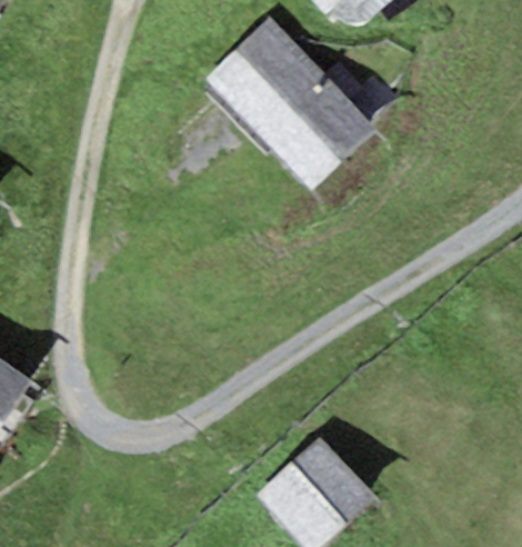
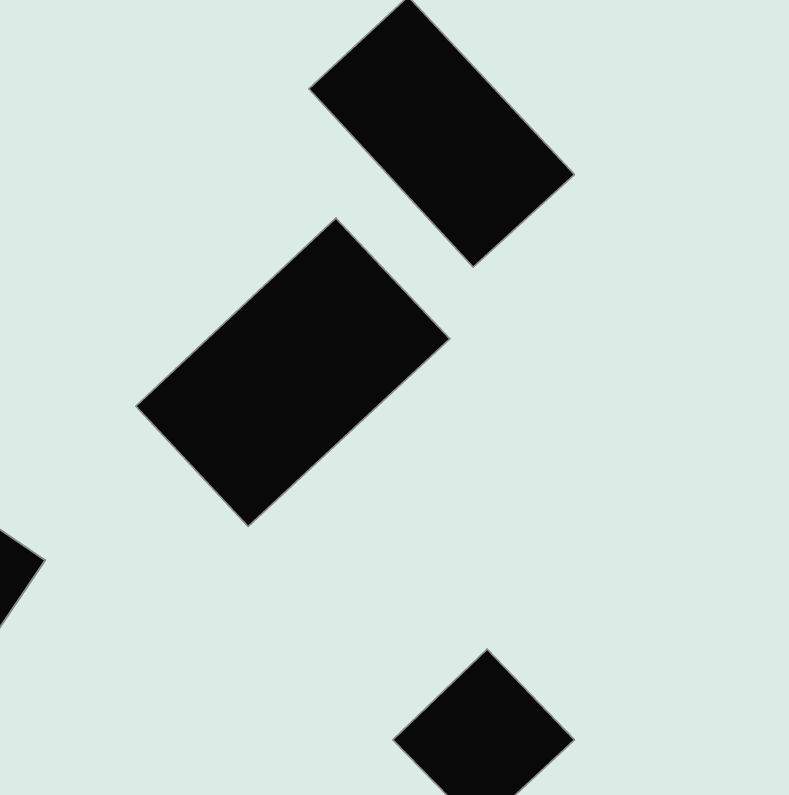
building: none -> [136,218,450,526]

